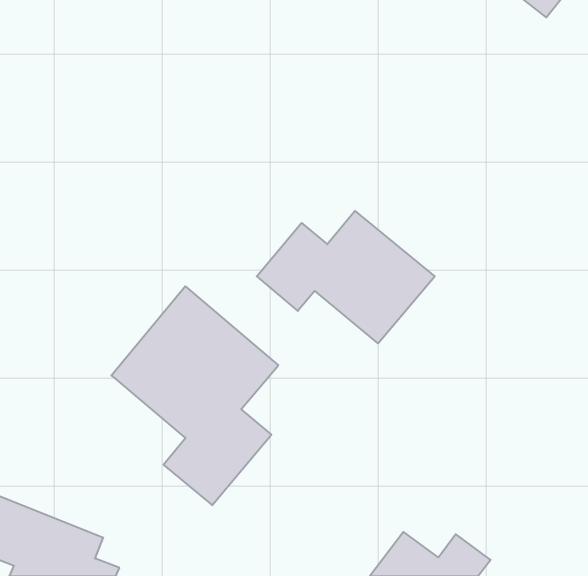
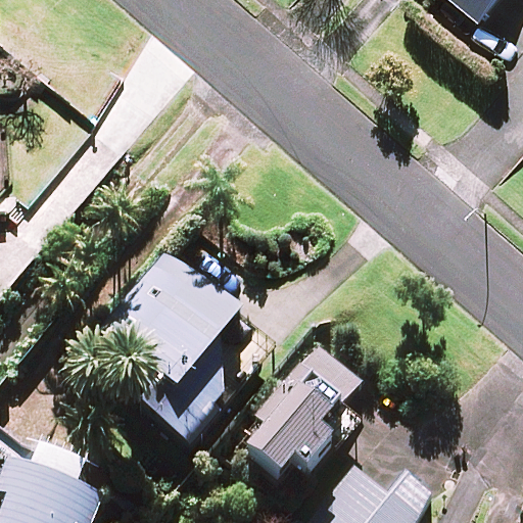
building: [257,211,435,343] -> none
building: none -> [237,338,364,482]

